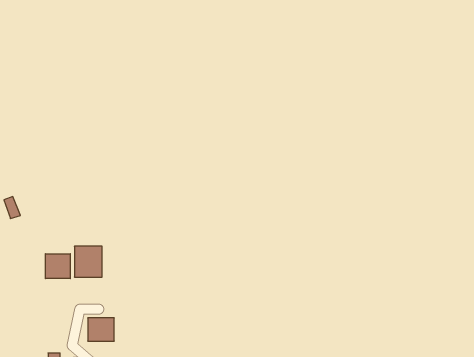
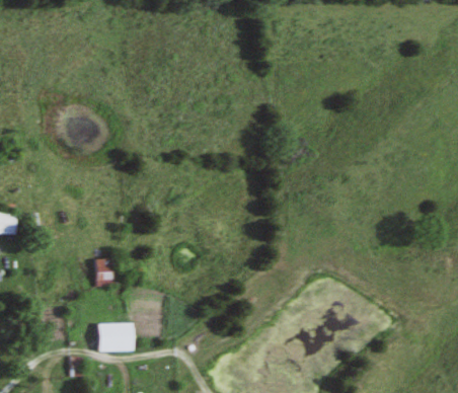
building: [45,254,70,279] -> none

